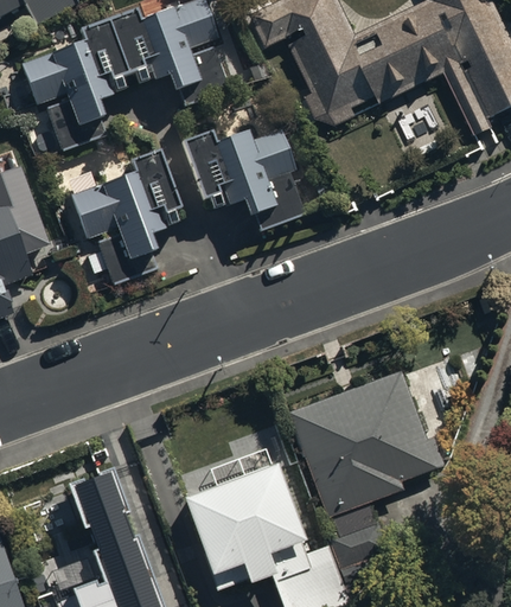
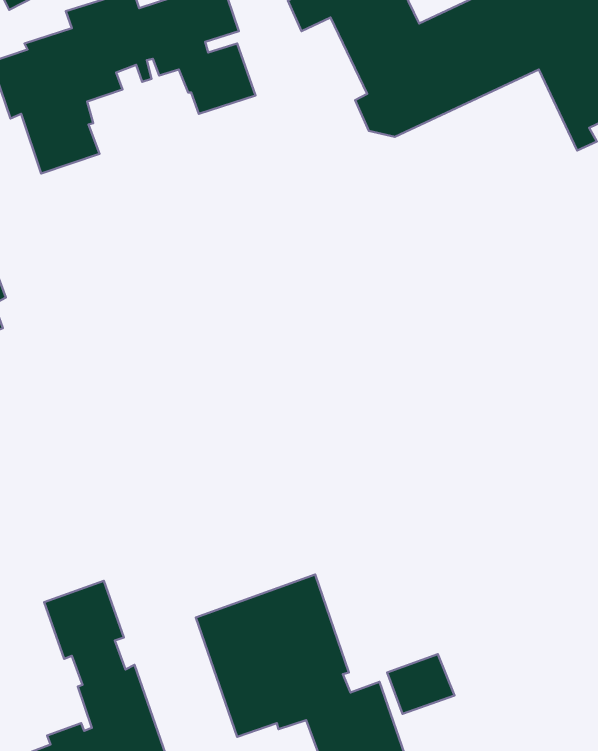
building: [183,133,302,234] -> none
building: [75,147,180,287] -> none
building: [287,368,443,513] -> none

